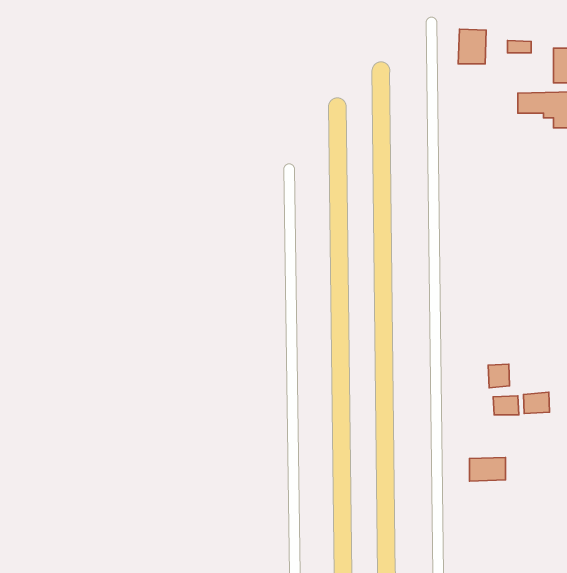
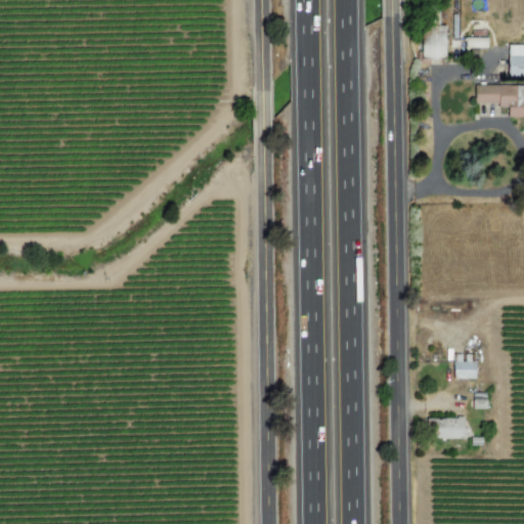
building: [488,364,509,388] -> none
building: [524,392,550,413] -> none

